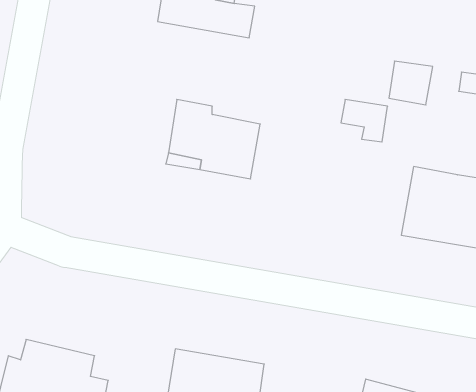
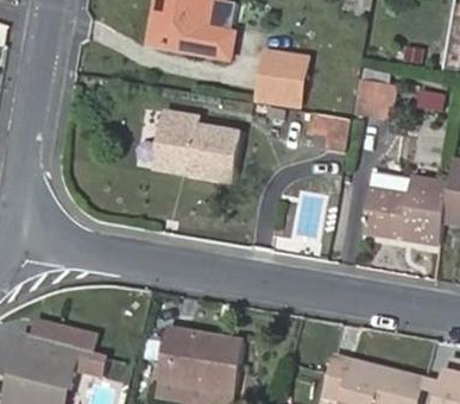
building: none -> [258,53,305,107]

